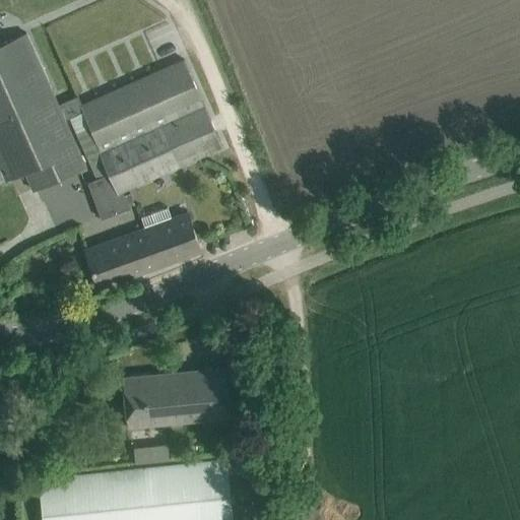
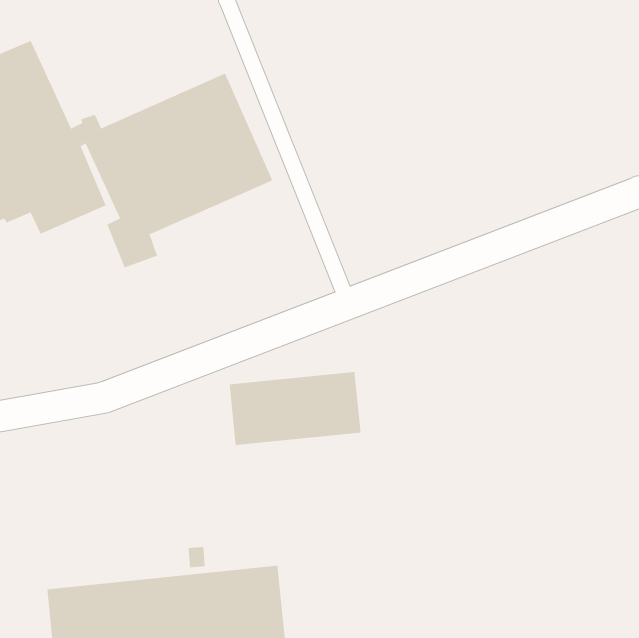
building: [85,209,200,288] -> none
building: [122,369,230,429] -> [229,372,361,445]

